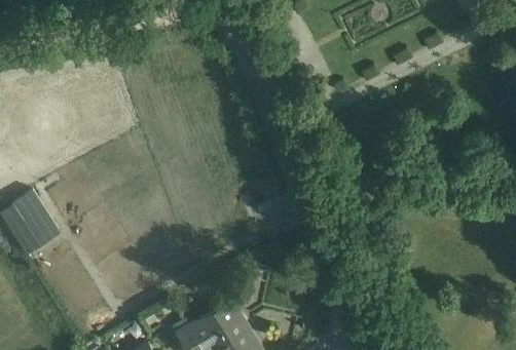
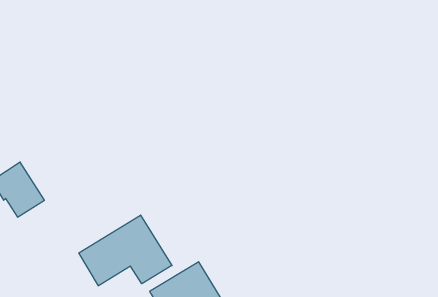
building: none -> [79,215,172,286]

